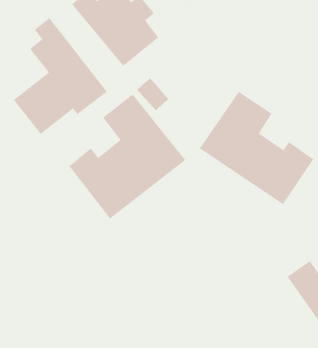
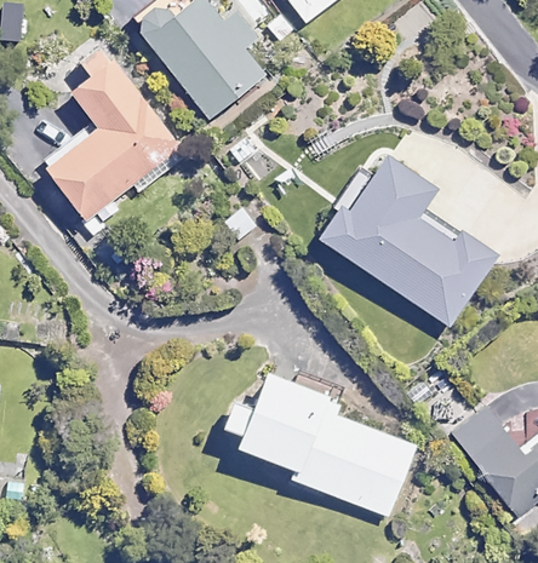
building: [68,94,186,220] -> none
building: none -> [219,372,417,516]

